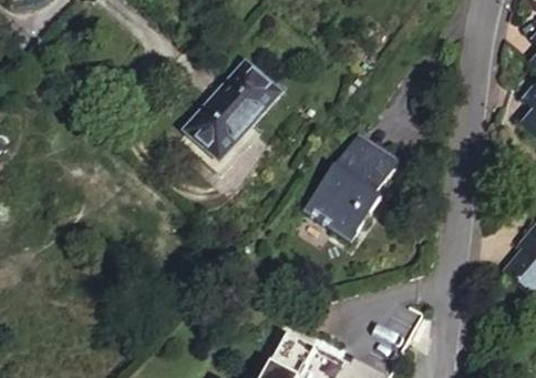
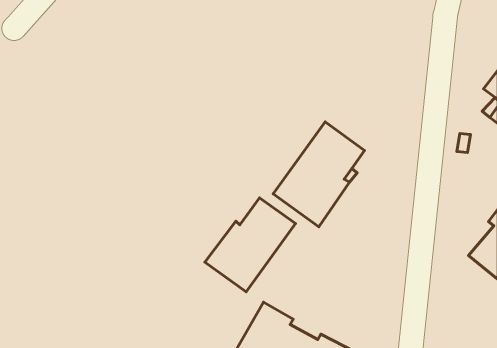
building: [187,61,279,156] -> none
building: none -> [205,198,295,292]

